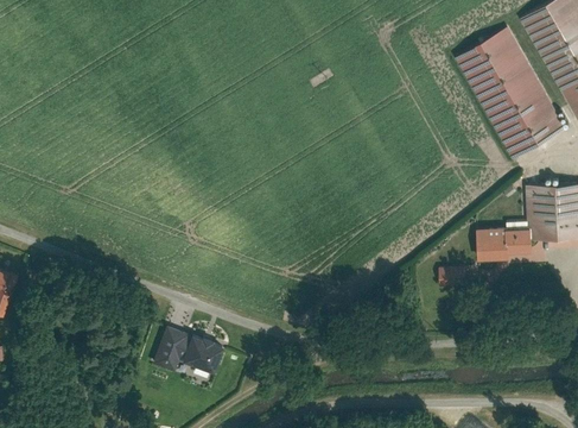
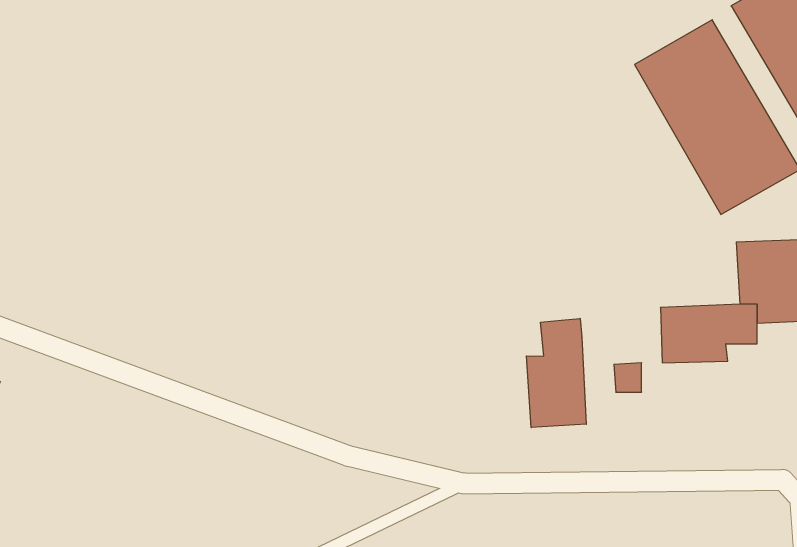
building: none -> [526,318,586,428]
building: [154,325,223,371] -> none

